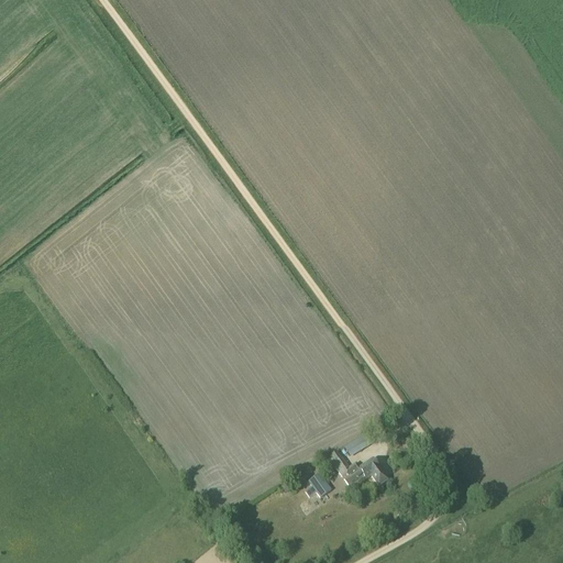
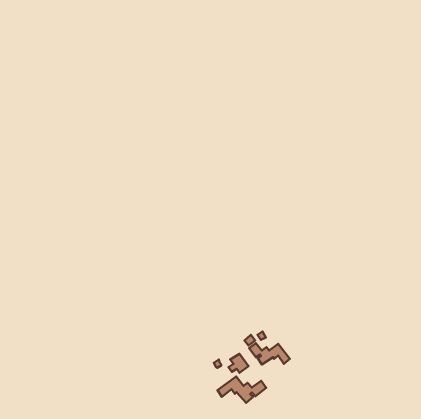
building: none -> [218,377,266,403]

